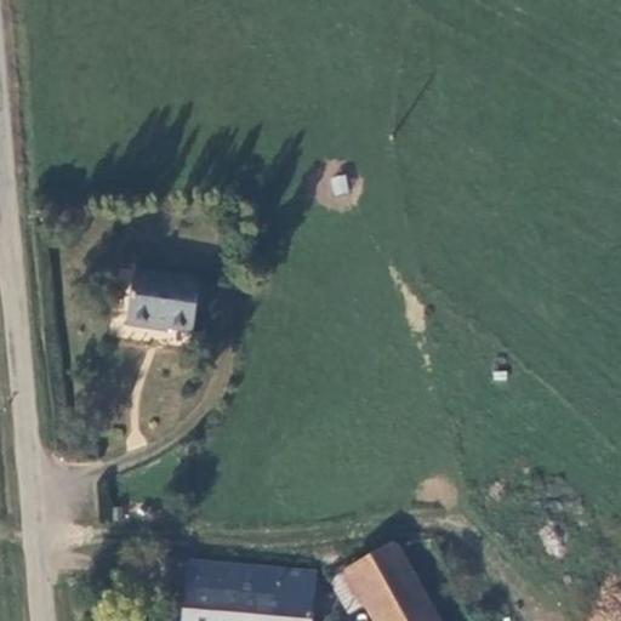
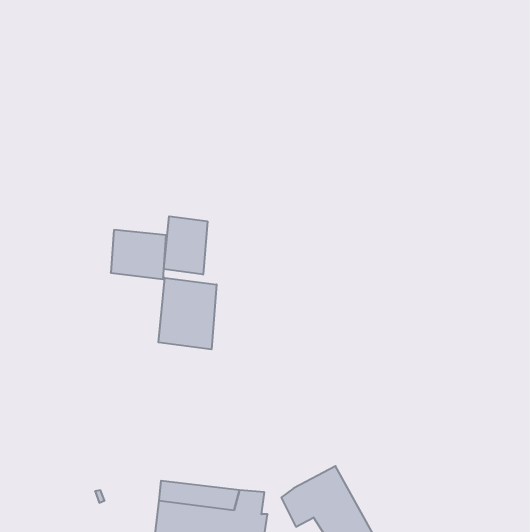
building: none -> [164,216,207,275]
building: none -> [158,278,217,349]

